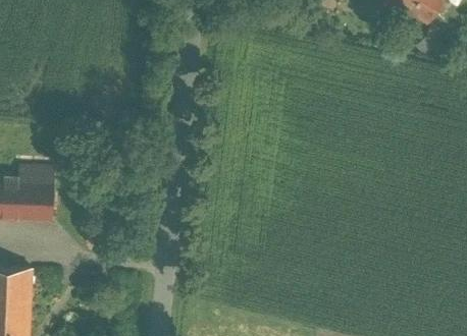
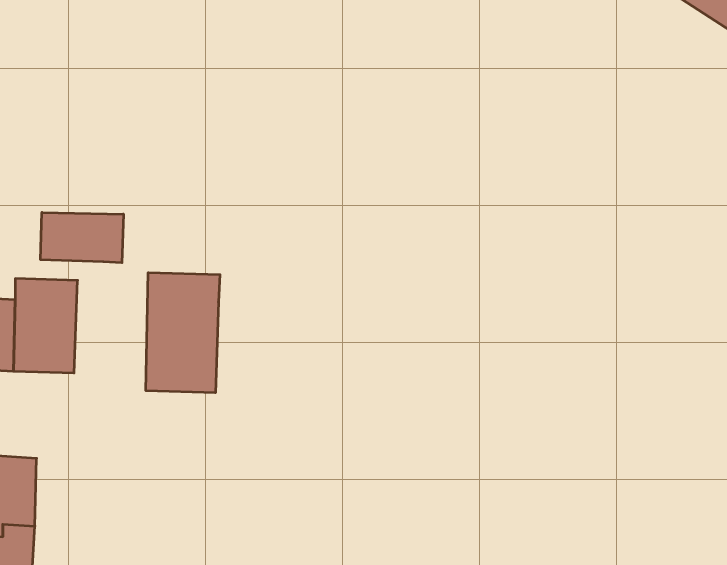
building: none -> [41,212,123,263]
building: none -> [146,273,220,393]

